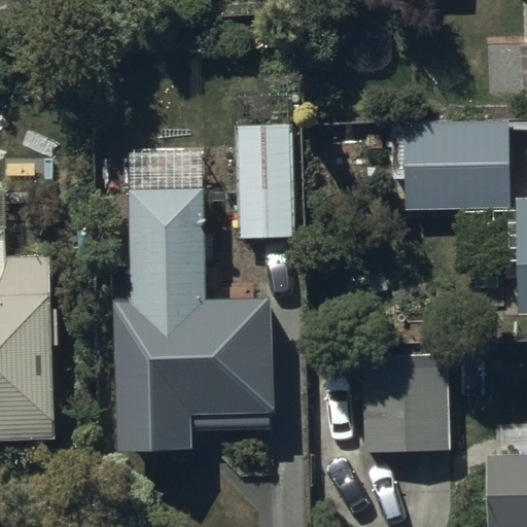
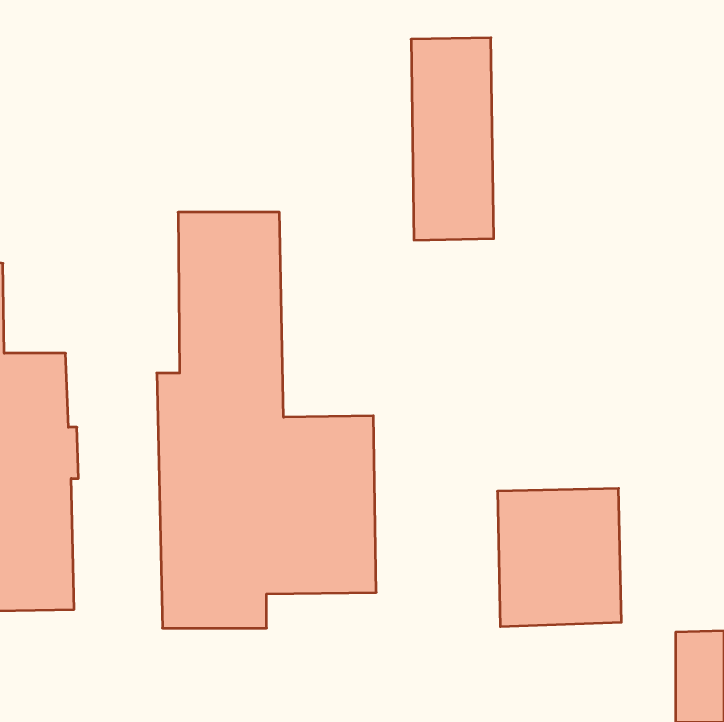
building: [234,92,293,238] -> [411,38,494,240]
building: [405,120,508,209] -> none

